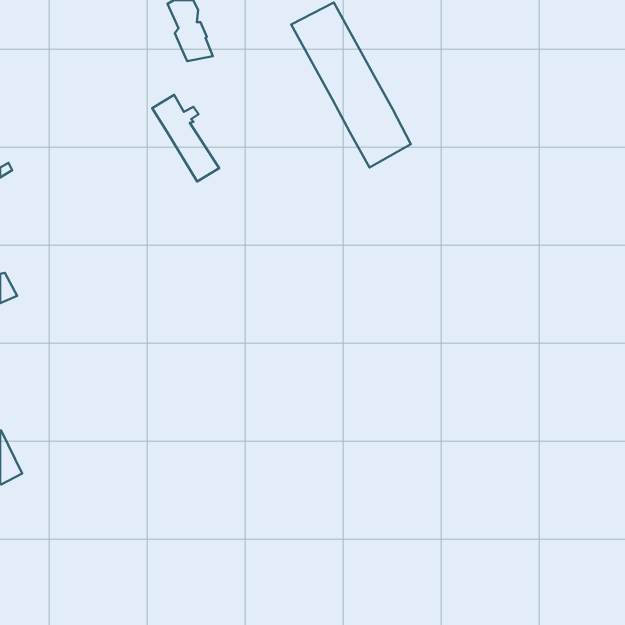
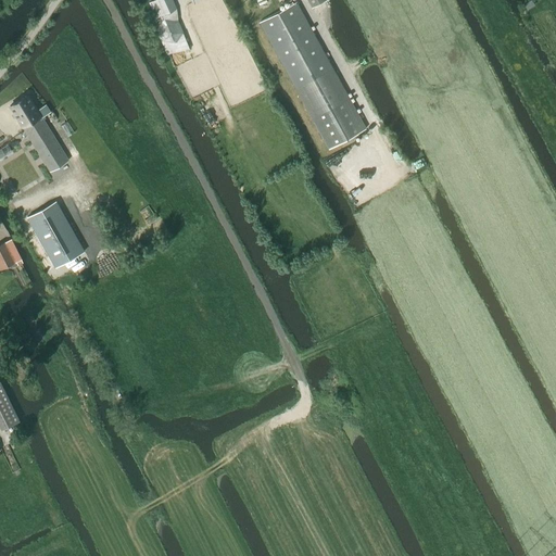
building: [152,95,219,182] -> [9,94,68,172]
building: none -> [27,201,84,267]

